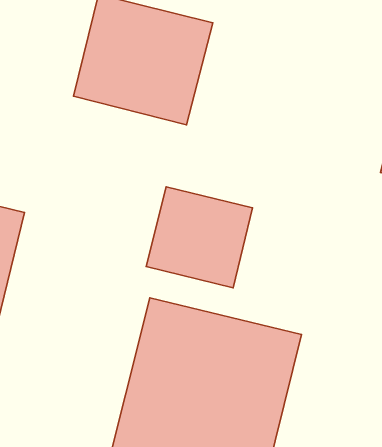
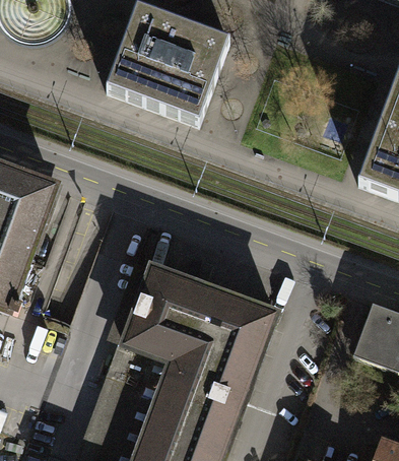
building: [146,187,252,288] -> none

